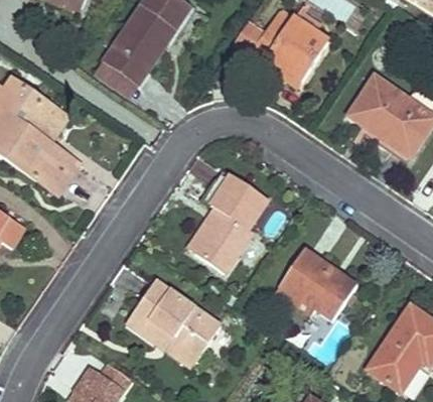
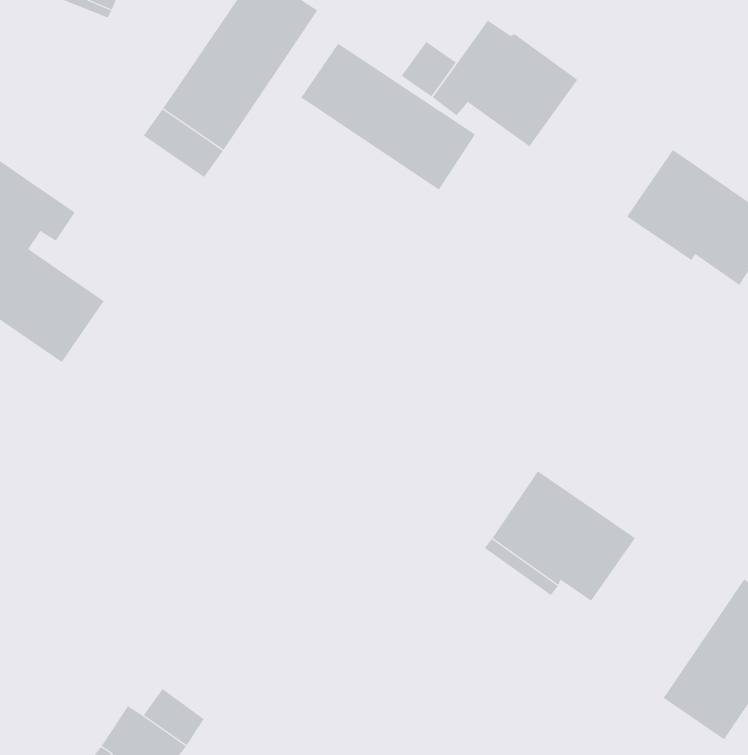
building: none -> [300,43,476,191]
building: [195,173,268,269] -> none
building: [126,280,218,360] -> none

